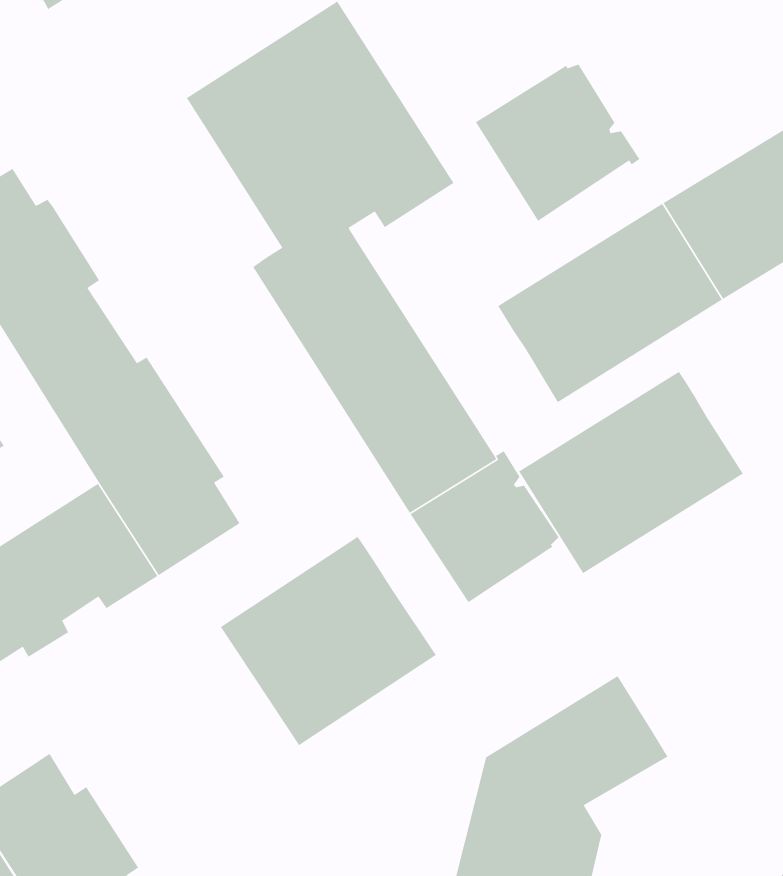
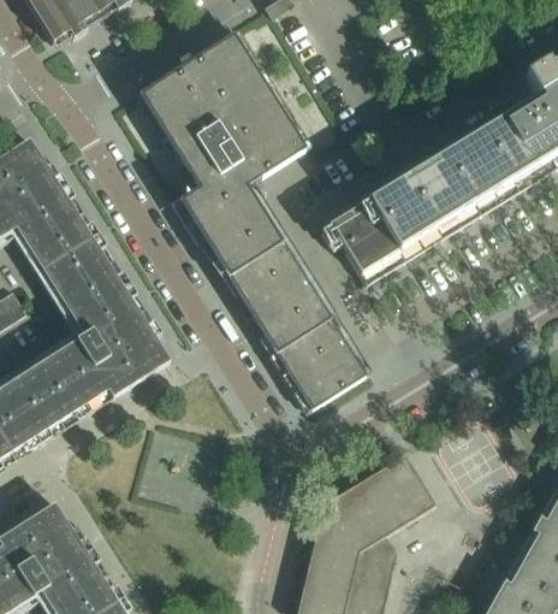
building: [475,63,642,222] -> none
building: [518,371,744,574] -> none
building: [220,536,437,746] -> none

